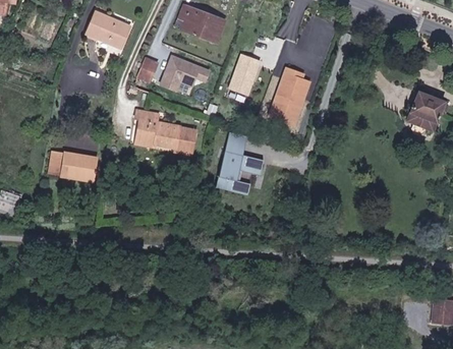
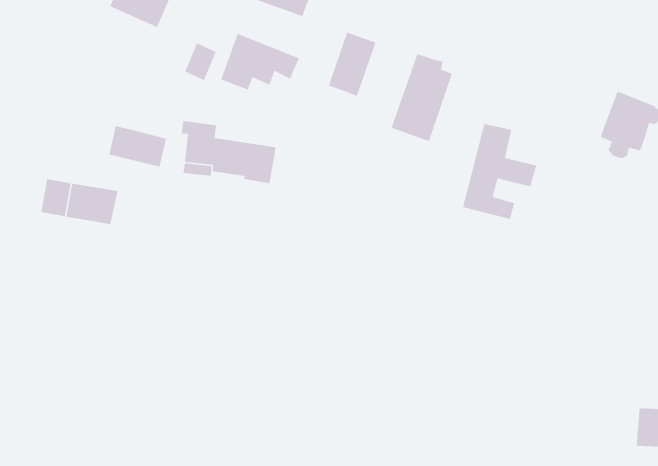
building: none -> [109,125,167,168]
building: [215,133,264,196] -> [462,123,537,220]

